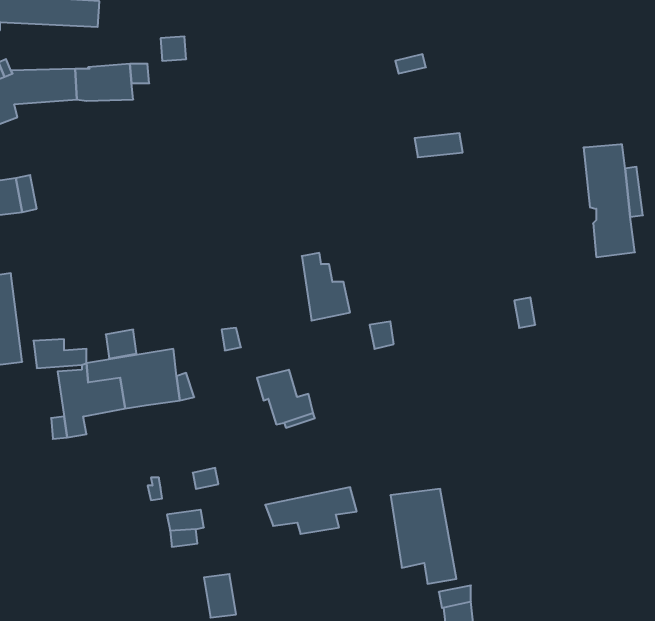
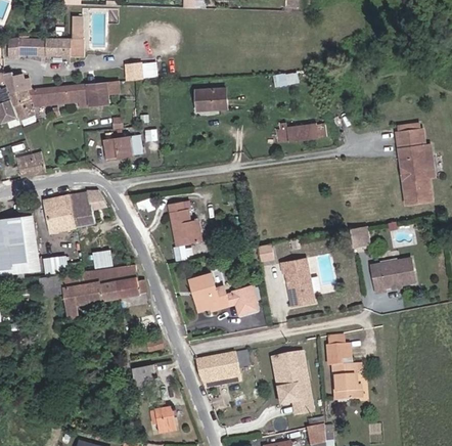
building: none -> [197,86,229,111]
building: none -> [105,134,144,159]
building: none -> [43,191,107,232]
building: [302,253,350,321] -> [169,204,199,247]
building: none -> [281,259,314,306]
building: none -> [373,264,416,293]
building: none -> [228,285,252,316]
building: none -> [327,345,358,400]

